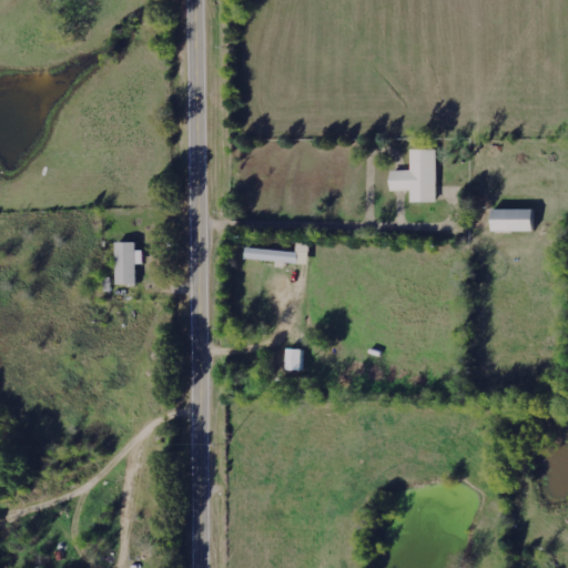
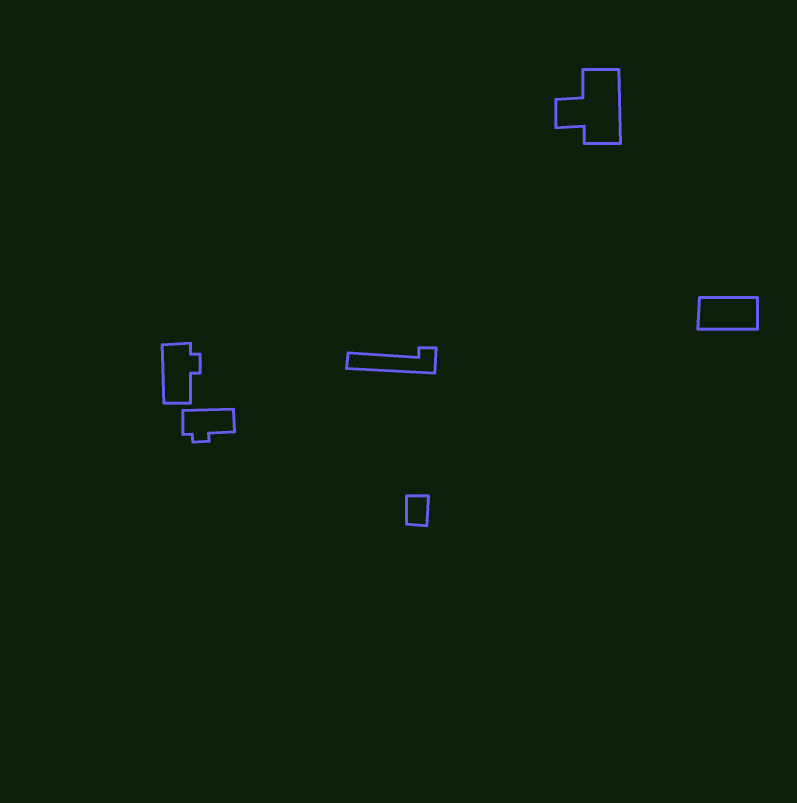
building: [389,150,435,202] -> [556,70,621,144]
building: none -> [183,409,235,442]

